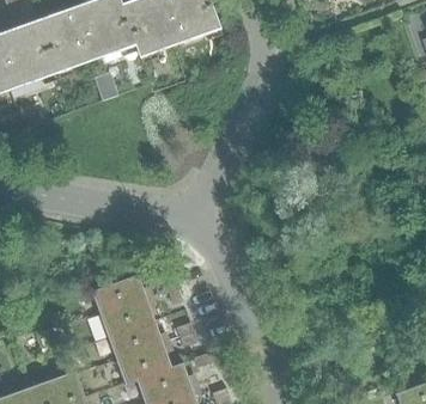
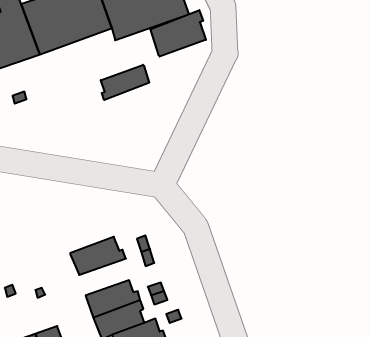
building: none -> [150,10,206,57]
building: none -> [101,65,149,100]
building: [99,296,154,337] -> none

